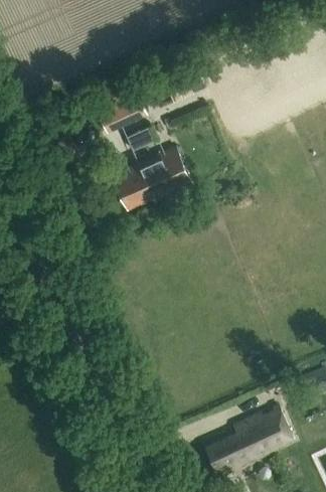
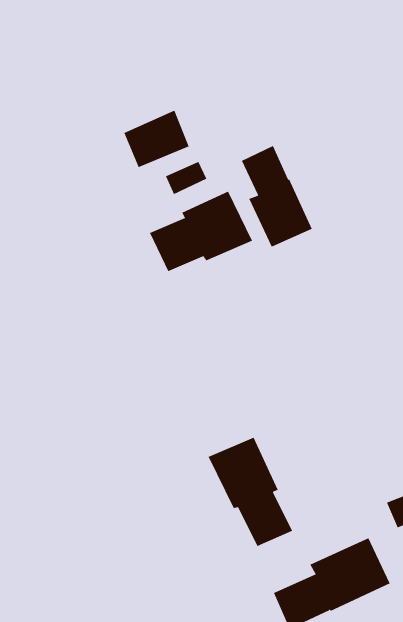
building: none -> [241,145,313,248]
building: none -> [208,437,293,547]

